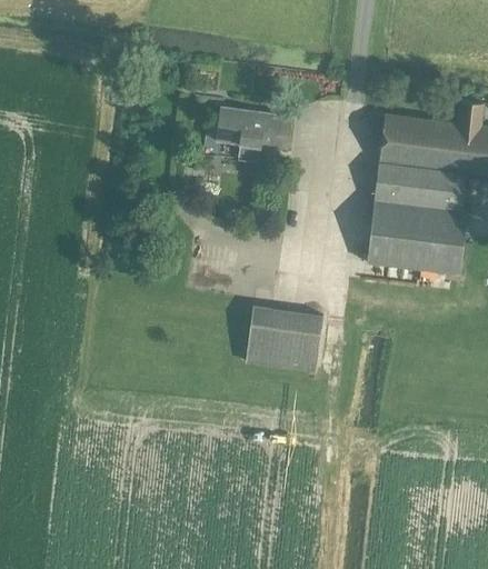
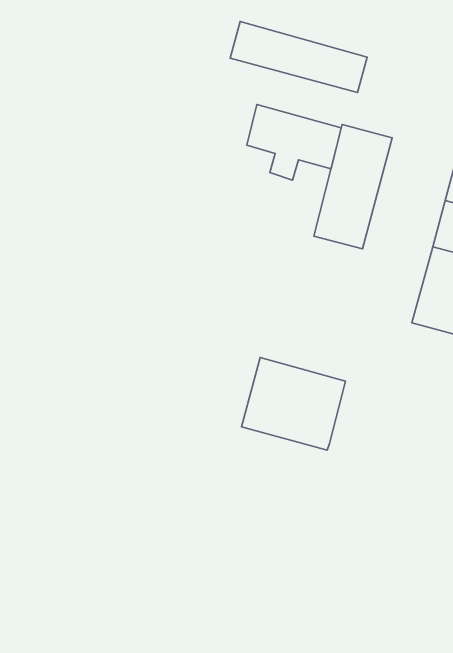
building: none -> [230,22,367,92]
building: none -> [314,124,392,249]

